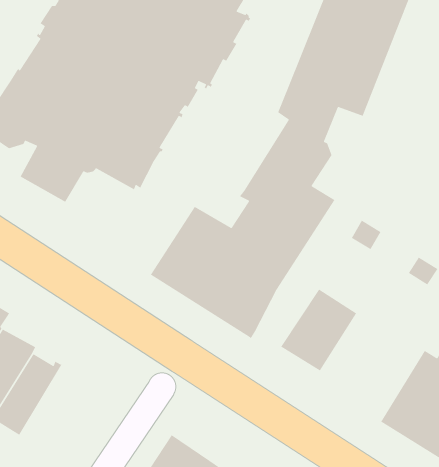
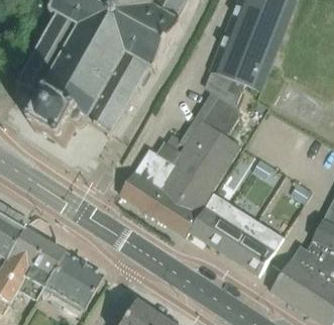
building: none -> [190,193,231,242]
building: none -> [232,220,284,276]
building: none -> [39,252,103,315]

